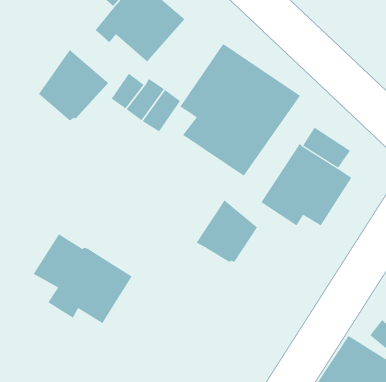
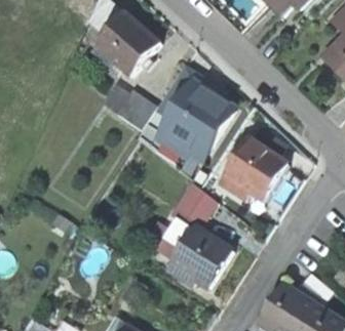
building: [38,49,109,122] -> none
building: [33,234,132,324] -> [155,217,231,286]

